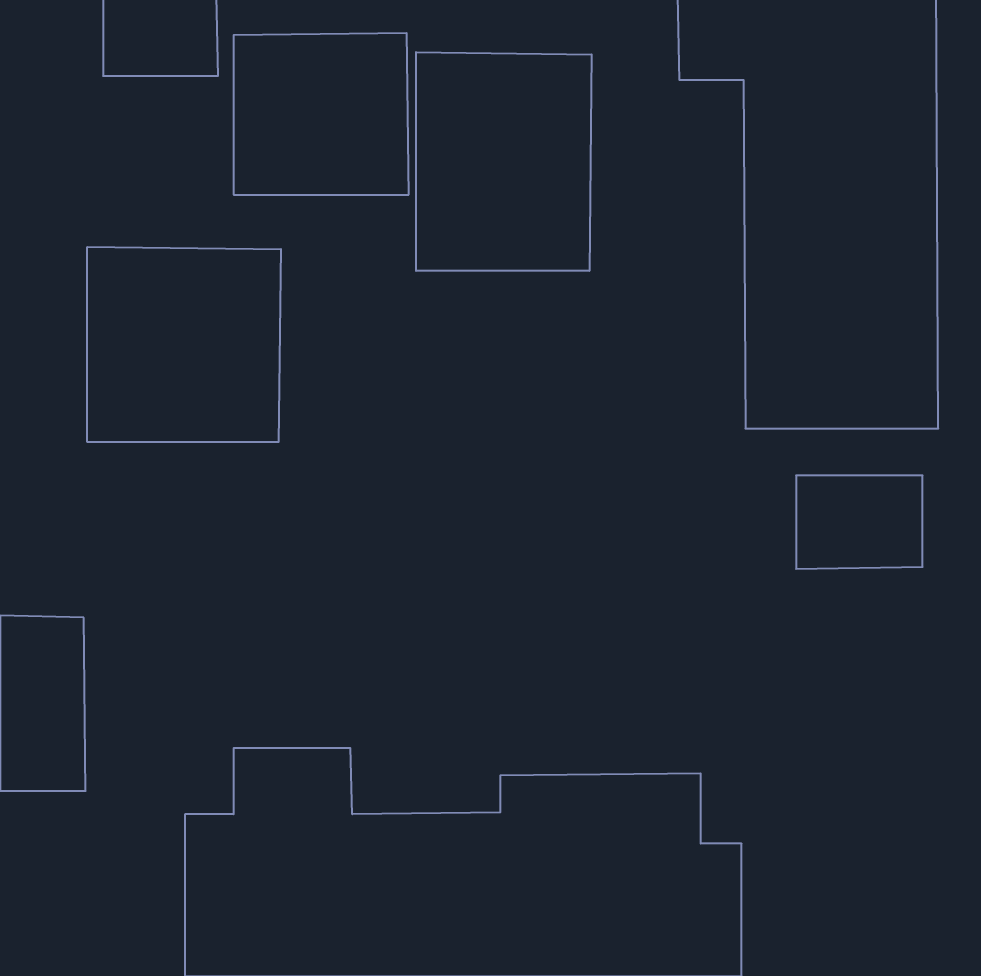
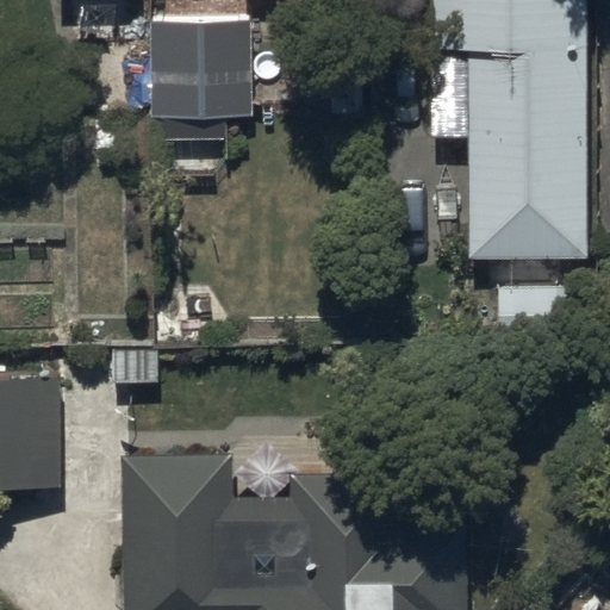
building: [416,52,592,271] -> none
building: [87,247,281,442] -> none

